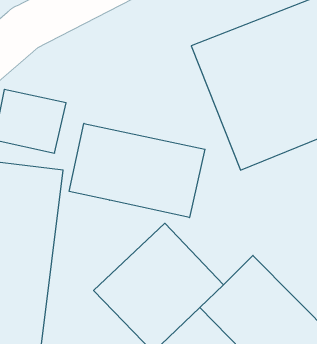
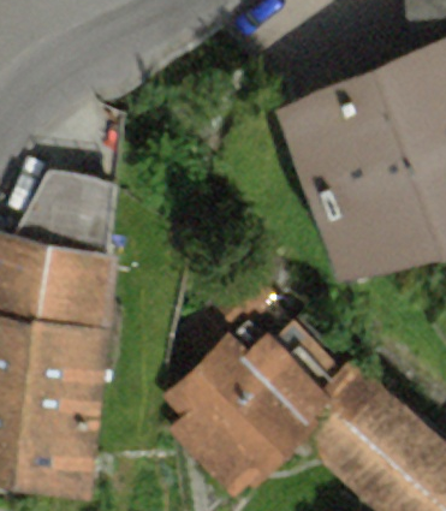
building: [69,123,205,218] -> none

